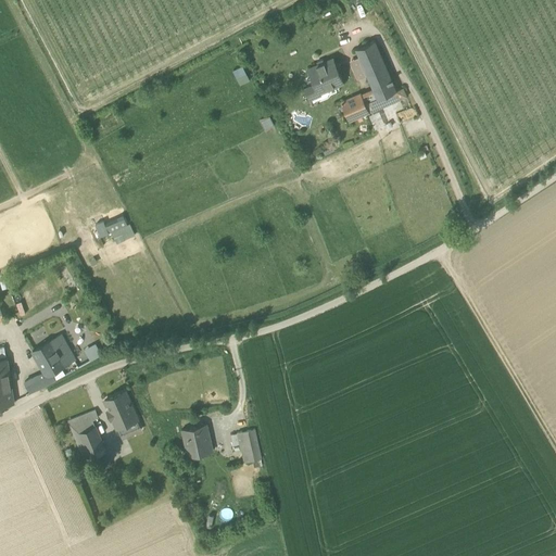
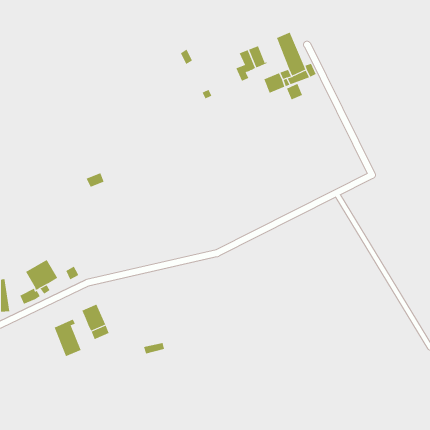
building: [181,425,211,447] -> none
building: [237,430,261,463] -> none

